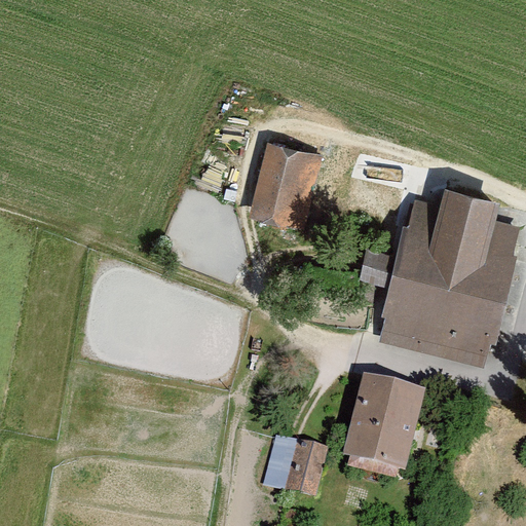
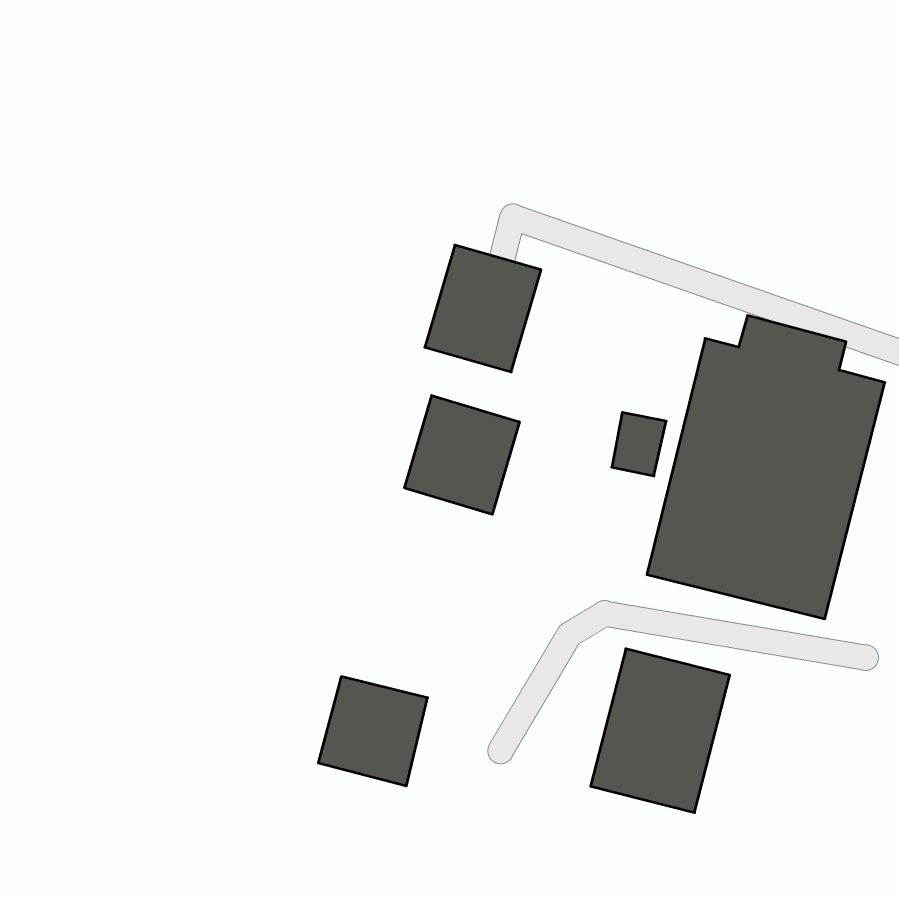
building: none -> [405,395,519,514]
building: [264,436,328,499] -> [318,677,428,786]

